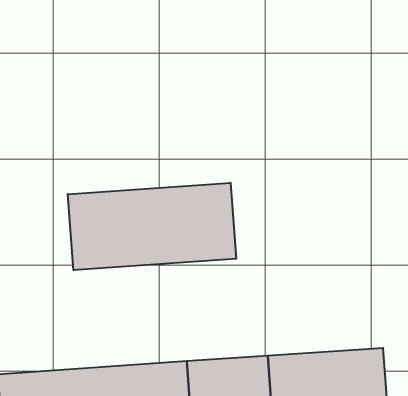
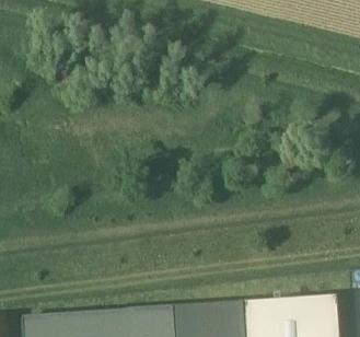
building: [68,183,236,270] -> none

